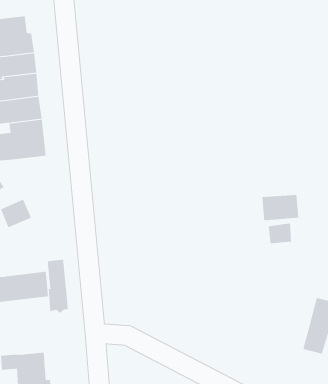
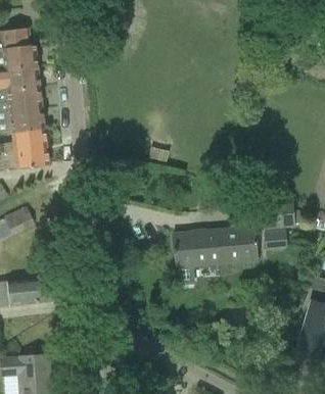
building: none -> [172,229,258,266]
building: [47,259,69,314] -> none

